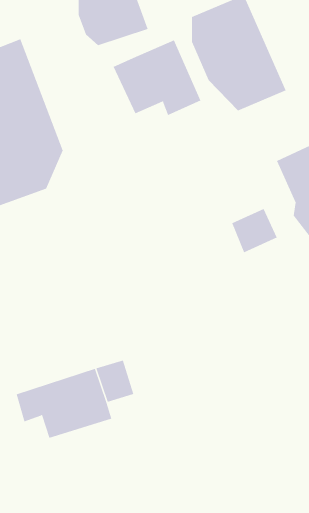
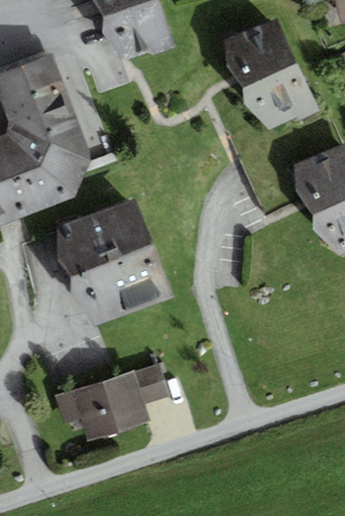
building: [113,40,201,116] -> none
building: none -> [50,198,165,327]
building: [231,208,277,253] -> none

